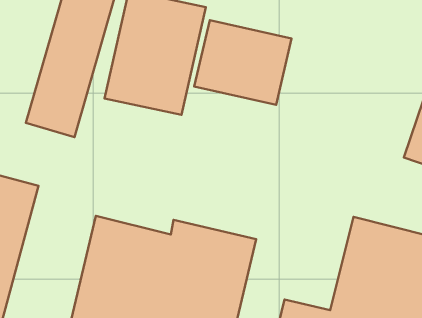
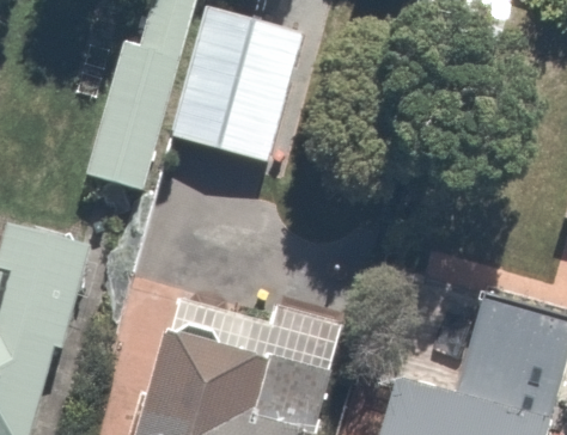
building: [194,20,292,105] -> none

